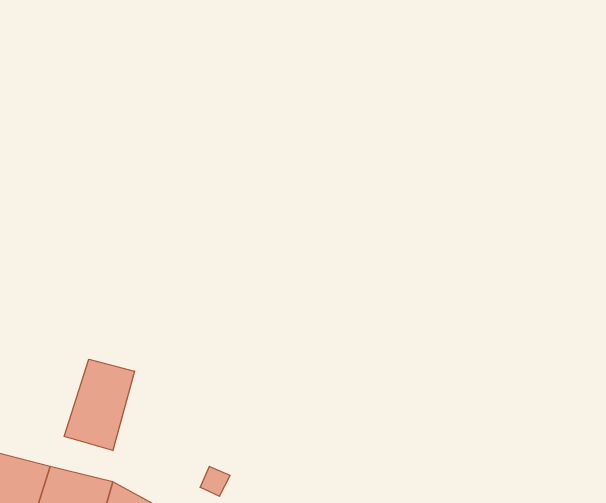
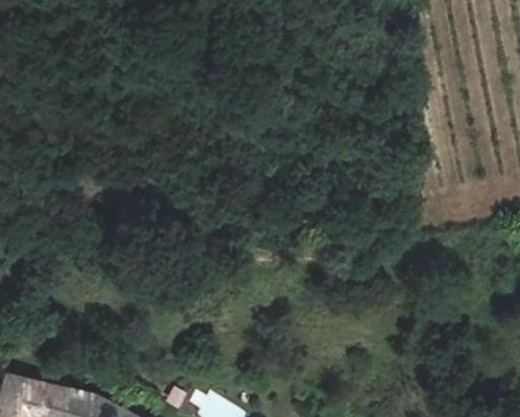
building: [64,359,135,451] -> none

